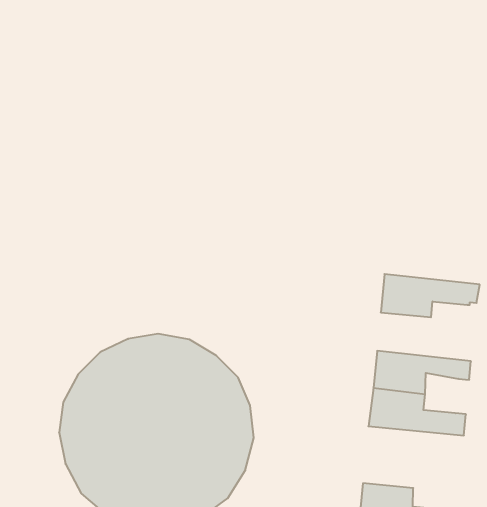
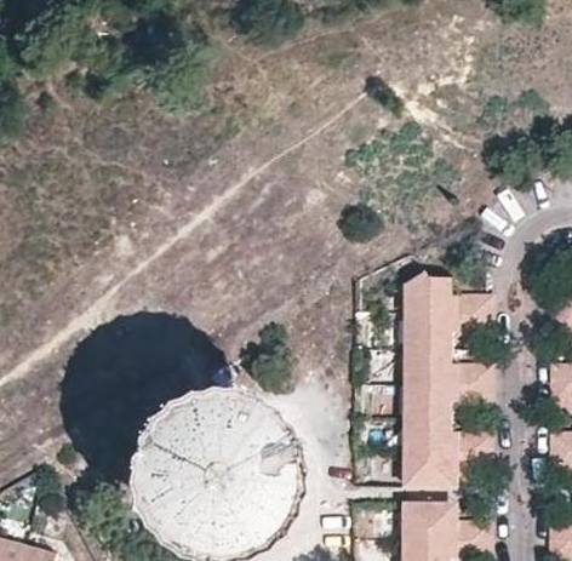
building: none -> [406,273,493,314]
building: none -> [406,348,492,384]
building: none -> [405,452,492,487]

